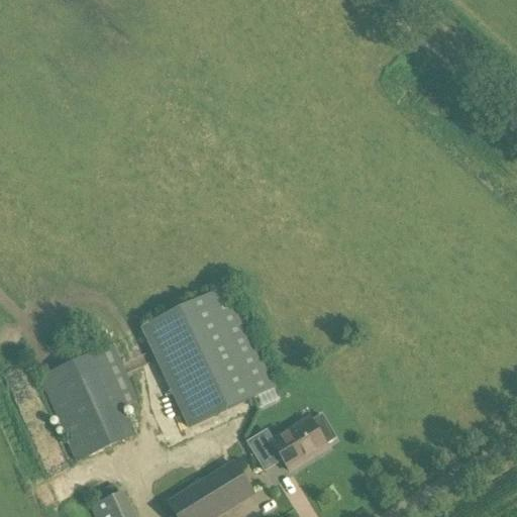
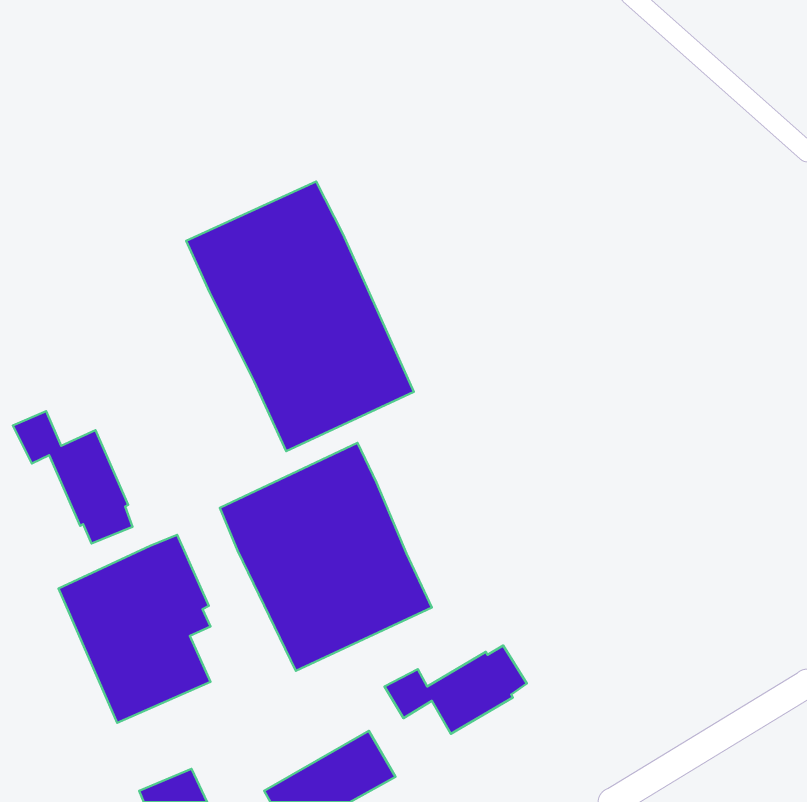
building: none -> [186,181,414,451]
building: none -> [13,411,133,544]

